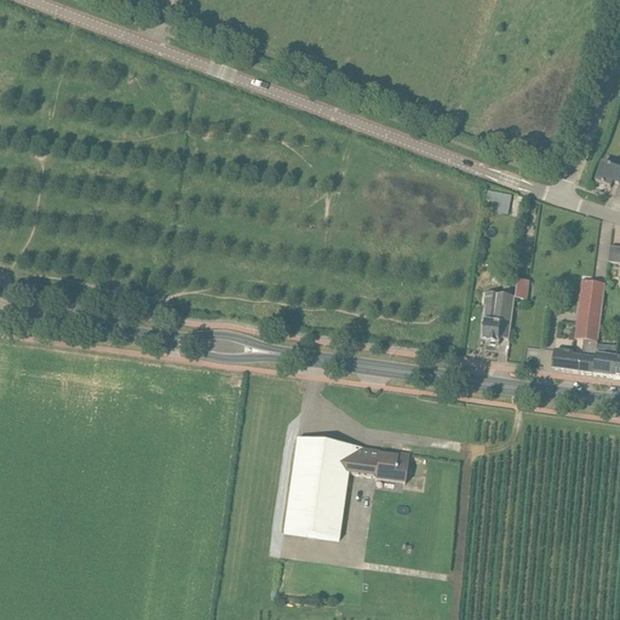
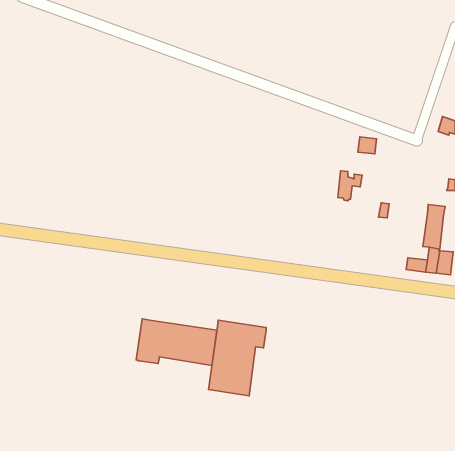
building: [482,302,515,343] -> [338,171,362,201]
building: none -> [136,319,217,365]
building: [358,449,408,482] -> none

